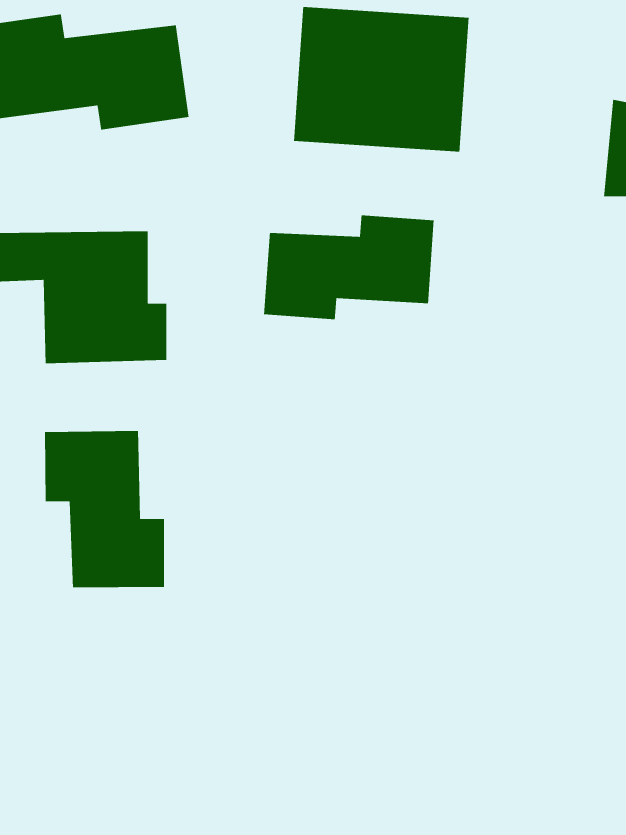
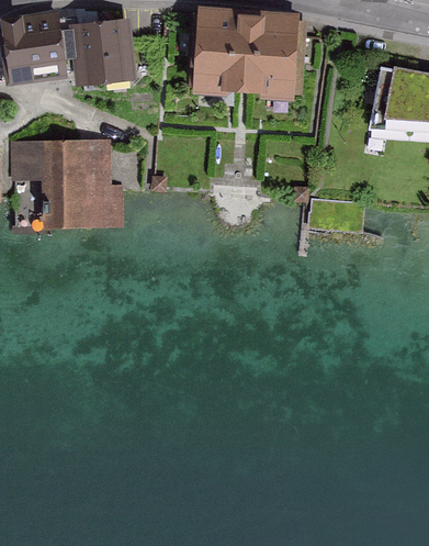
building: [263,215,435,320] -> none
building: [44,430,165,588] -> none

